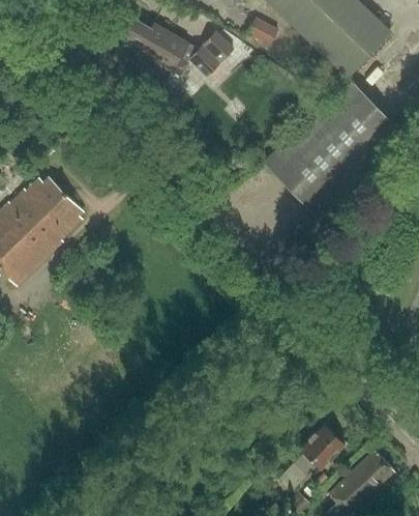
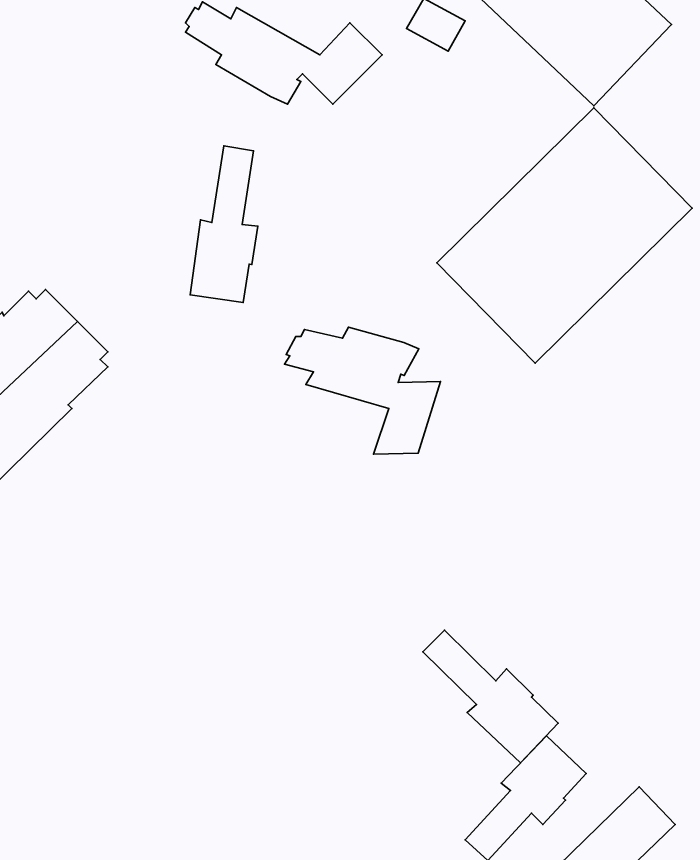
building: none -> [190,146,258,302]
building: none -> [285,327,440,454]
building: none -> [423,630,558,763]

